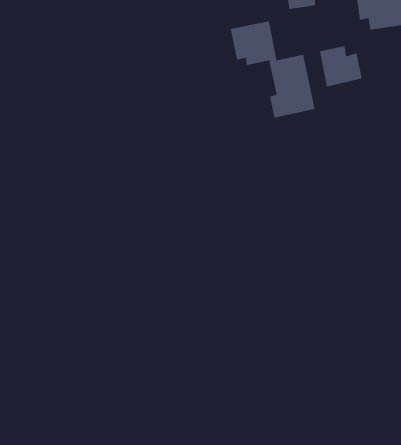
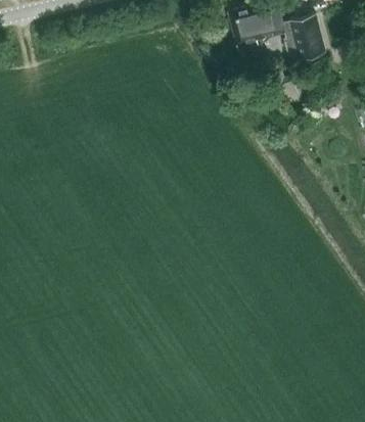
building: [230,20,315,119] -> none

